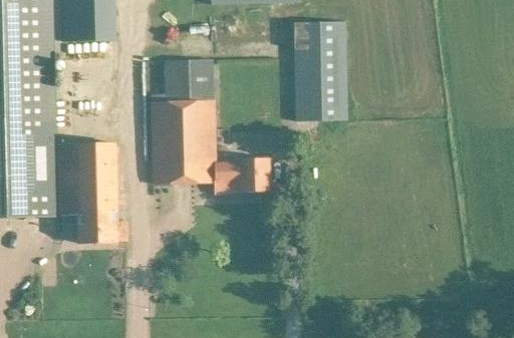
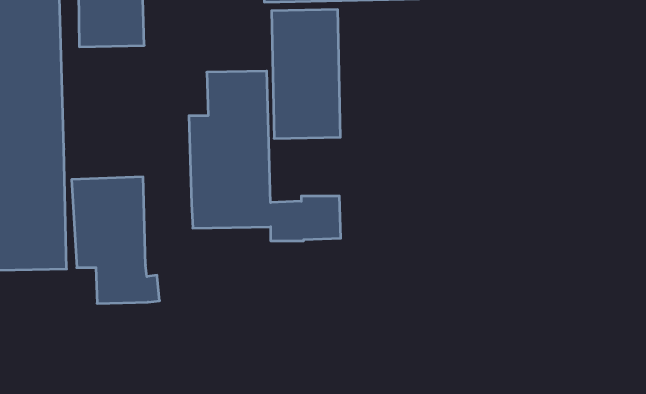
building: [294,19,348,120] -> [272,10,340,138]

